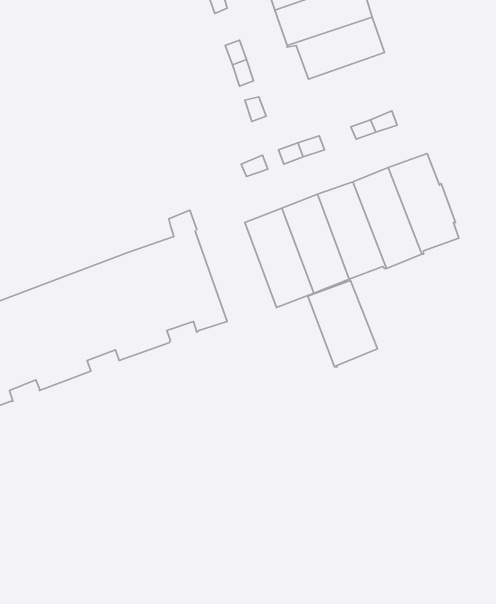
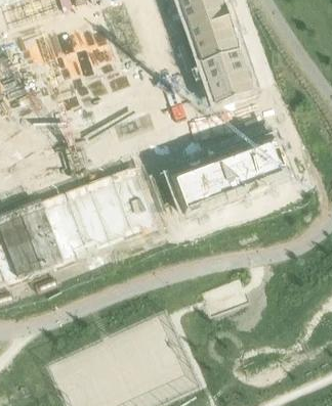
building: none -> [203,66,255,104]
building: [308,280,378,367] -> none

